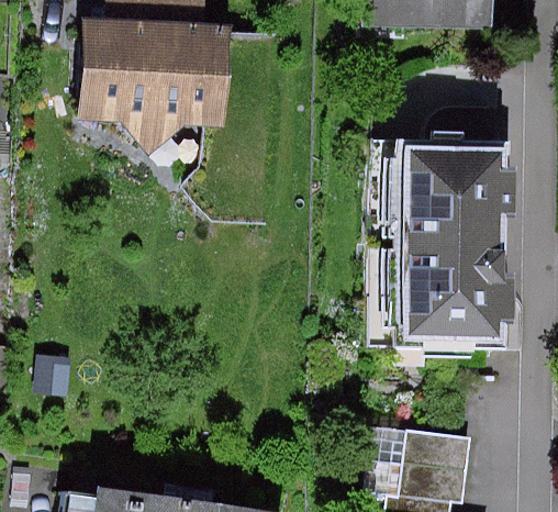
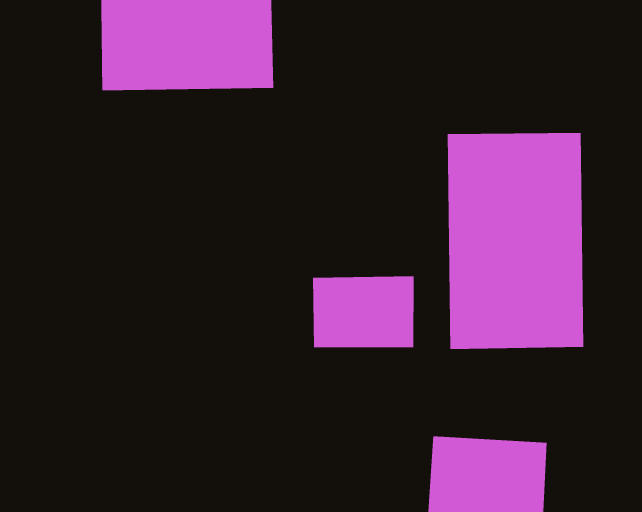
building: none -> [313,275,414,348]

